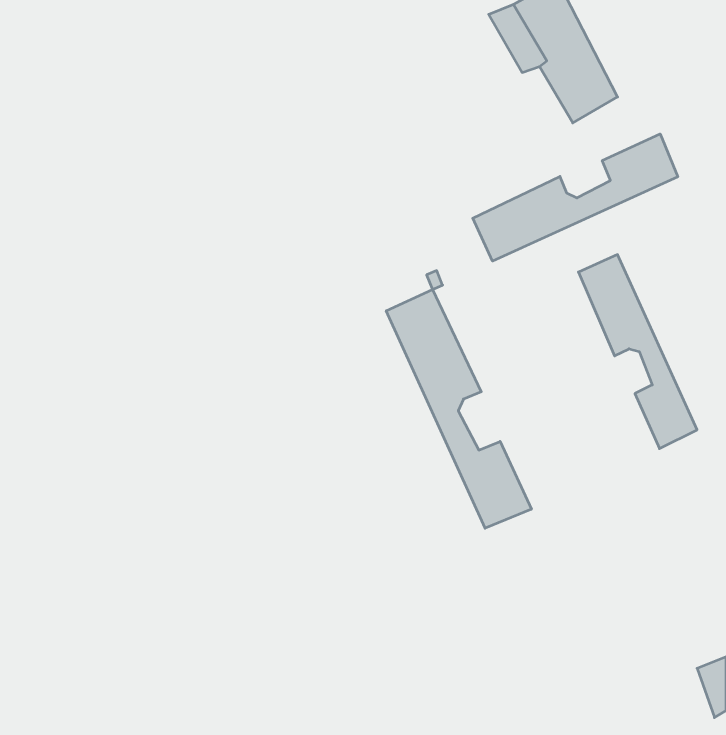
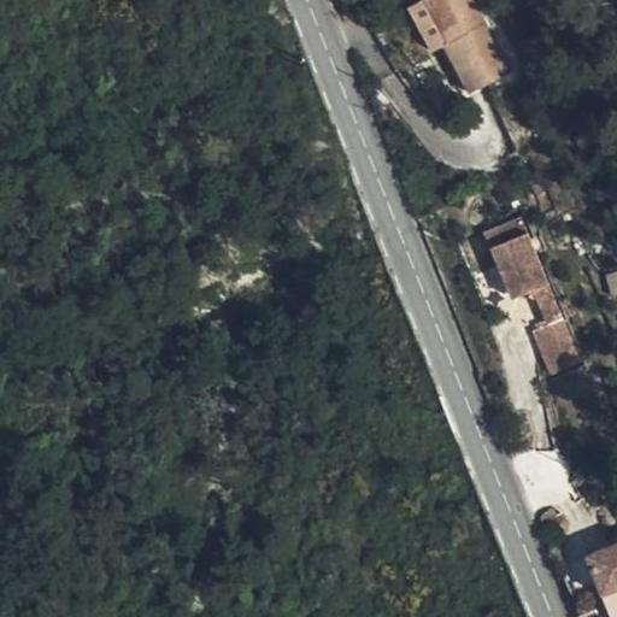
building: [473,134,678,261] -> none
building: [386,289,531,528] -> none

